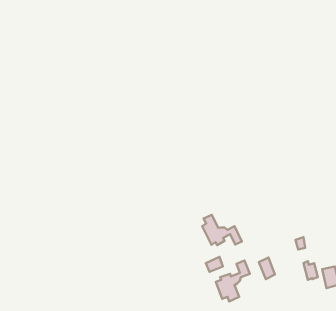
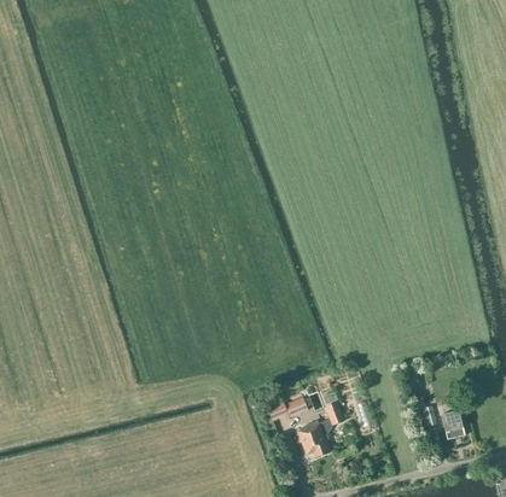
building: [202,215,242,245] -> none

